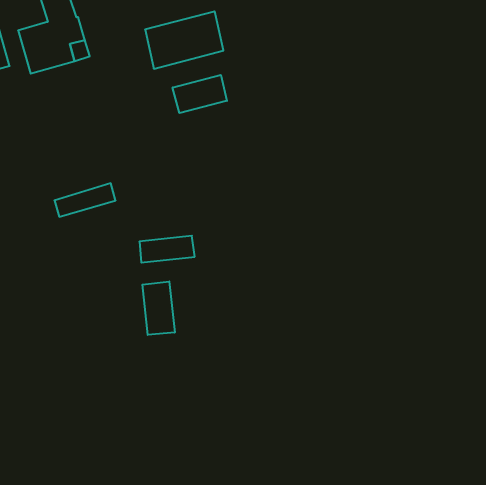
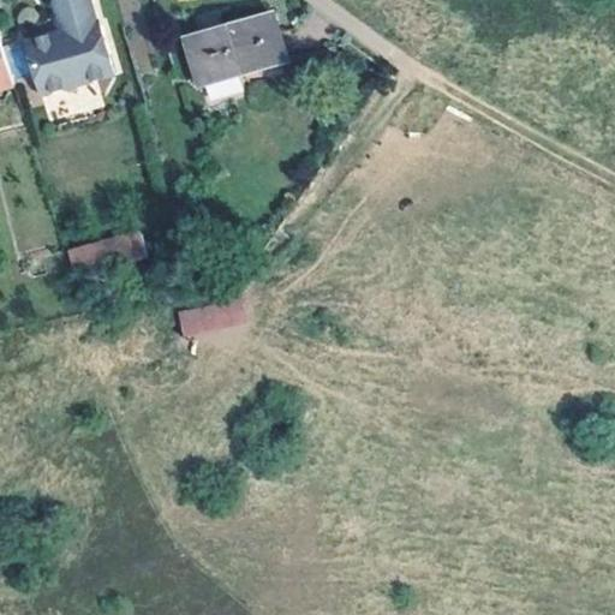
building: [173,75,227,113] -> none
building: [142,281,175,335] -> none

